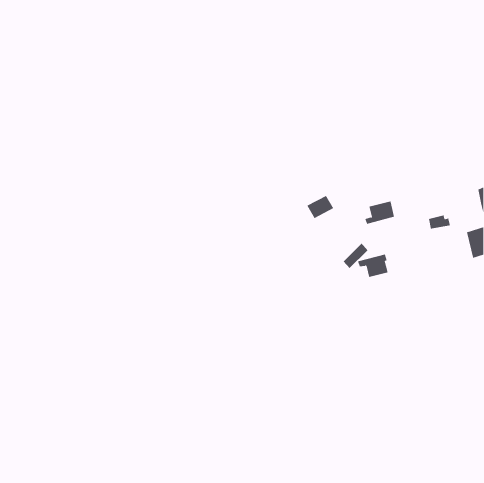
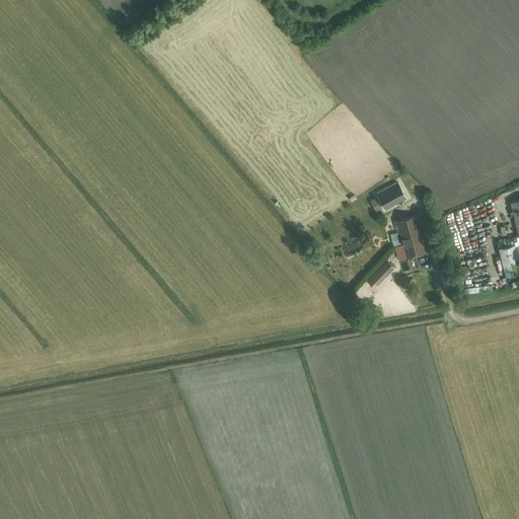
building: [307,195,334,219] -> [377,184,406,210]
building: [357,254,388,277] -> [392,233,426,258]

